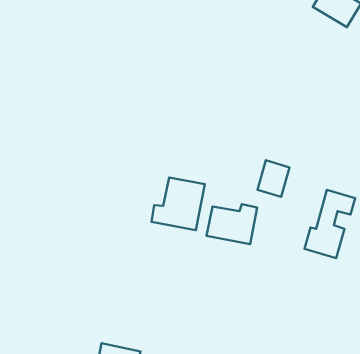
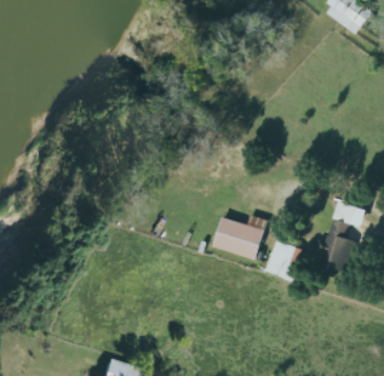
building: [258,160,289,197] -> [266,241,299,279]
building: [152,177,205,230] -> none

